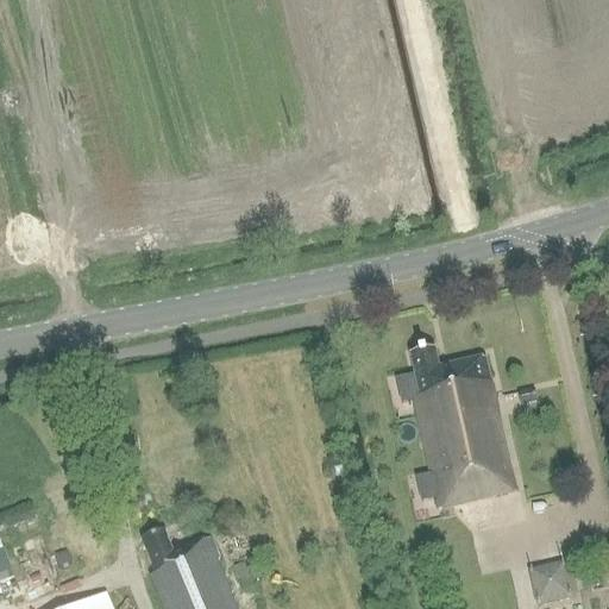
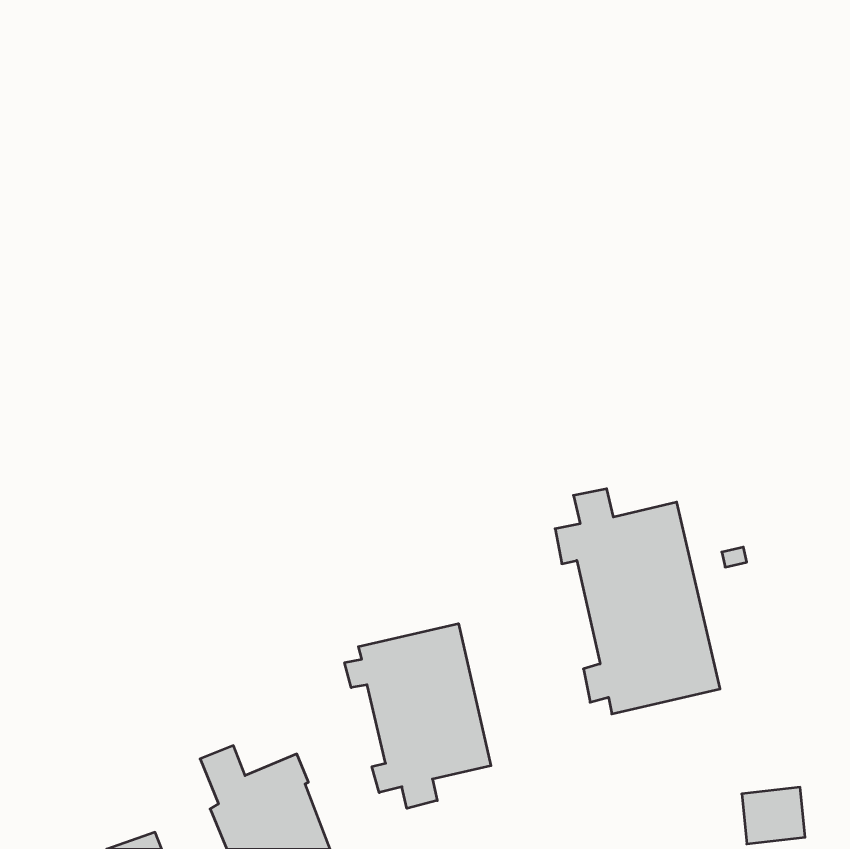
building: none -> [345,624,491,808]

